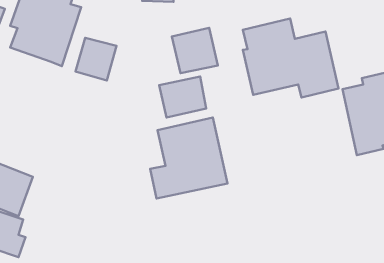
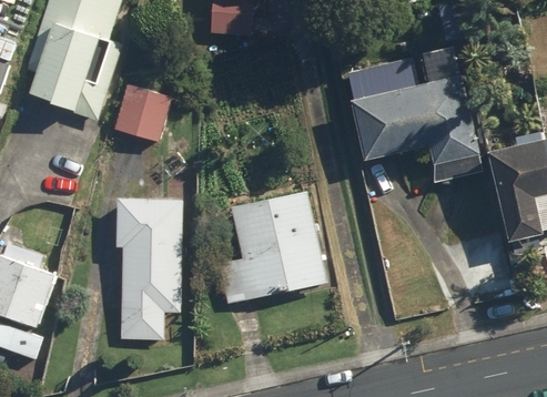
building: [172,28,218,73] -> none
building: [159,76,206,117] -> none
building: none -> [115,196,184,337]

